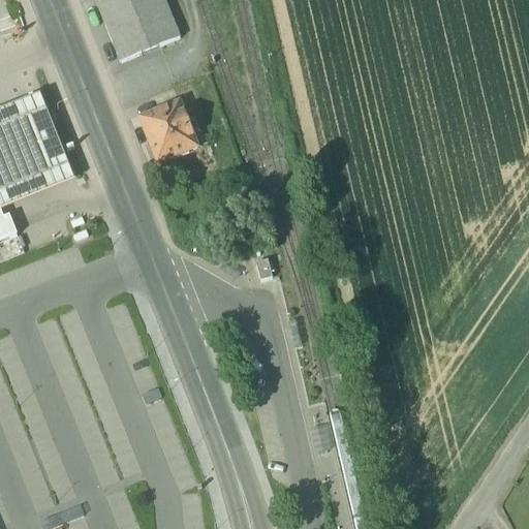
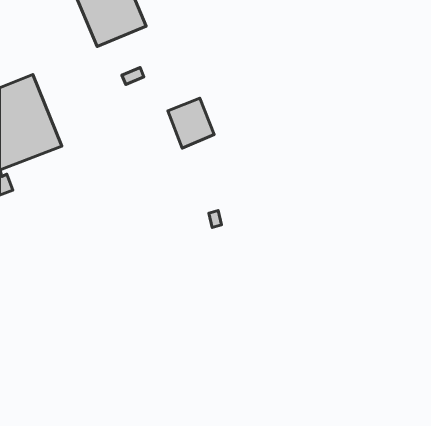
building: [139,99,196,160] -> [168,98,214,148]

